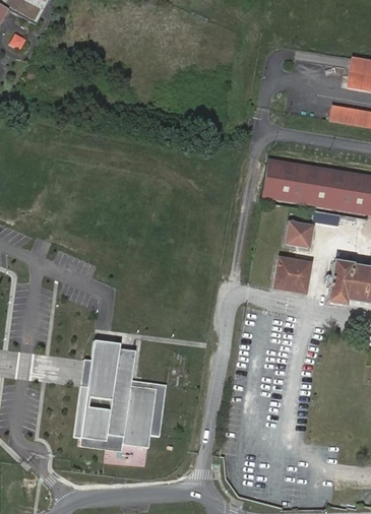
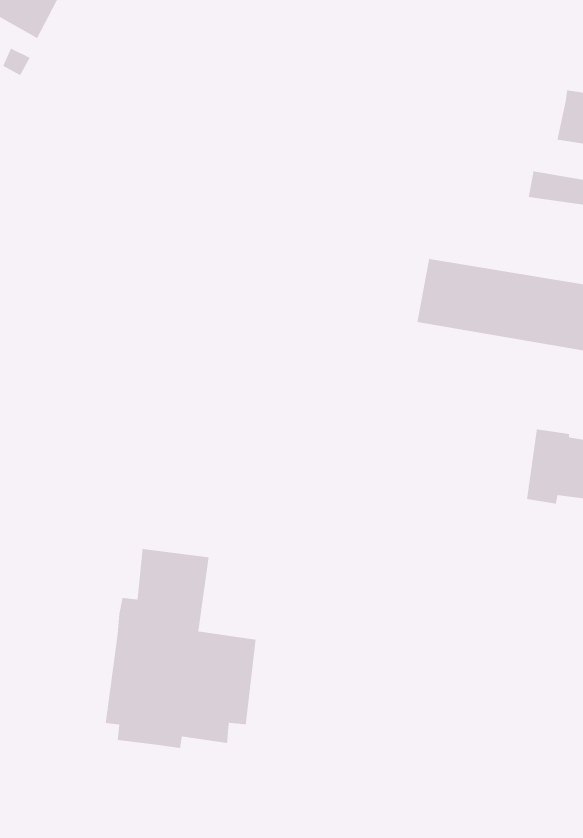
building: [285,219,314,247] -> none
building: [272,254,313,294] -> none

